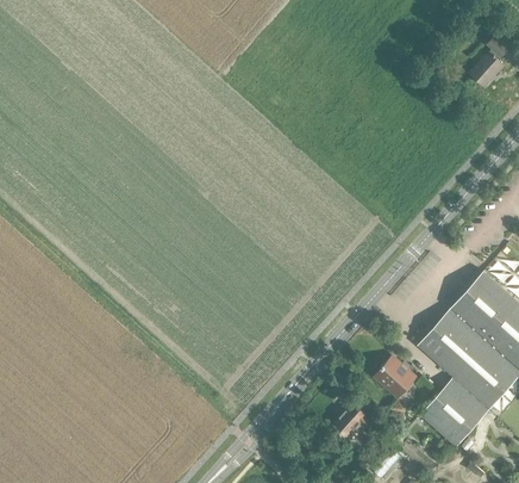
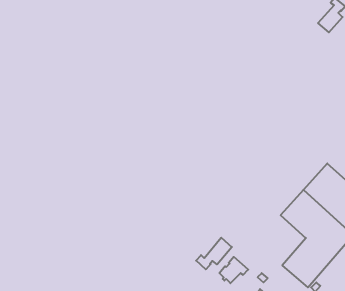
building: [376,357,414,395] -> none
building: none -> [196,238,232,269]

